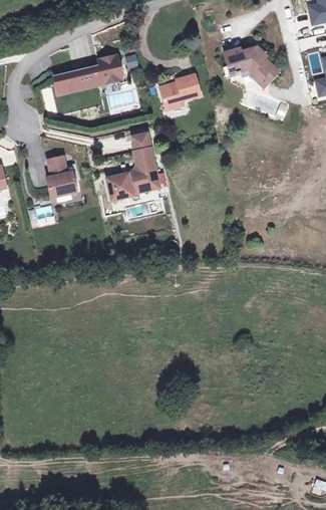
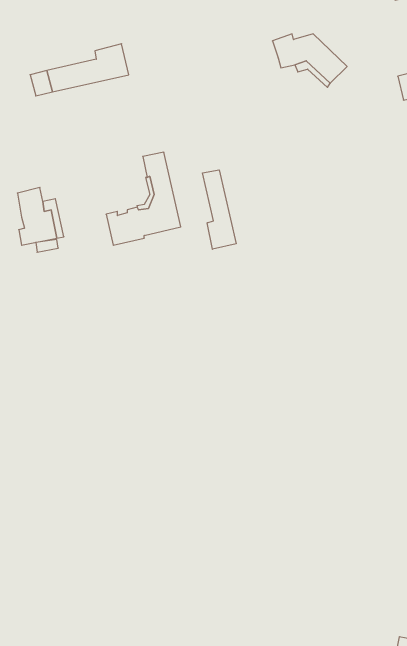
building: [160,73,201,108] -> none
building: none -> [203,170,236,249]

